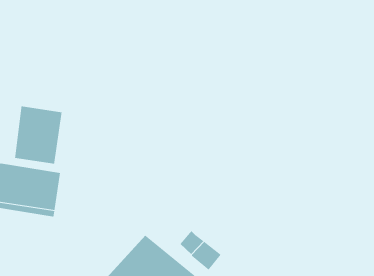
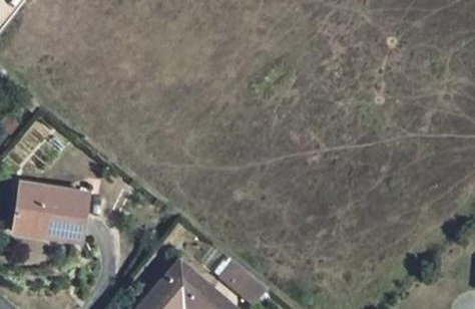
building: [14,106,62,165] -> none

